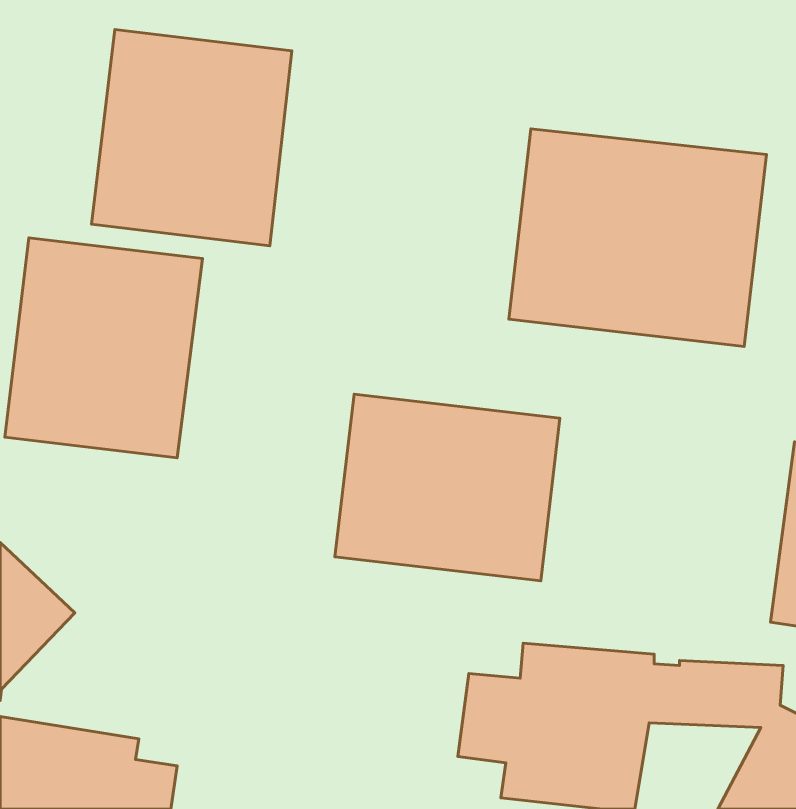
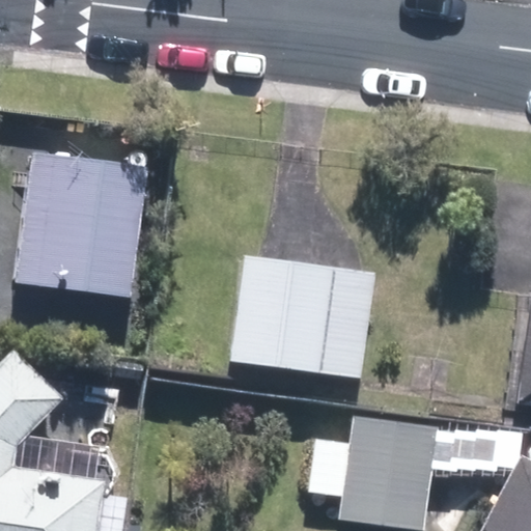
building: [91,29,292,246] -> none
building: [509,129,767,346] -> none

